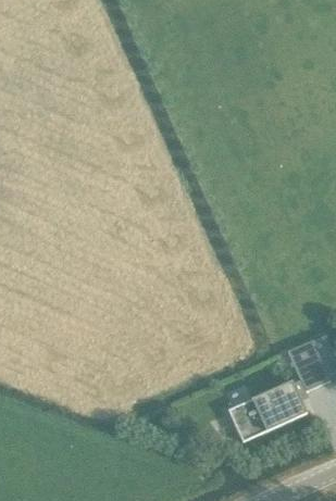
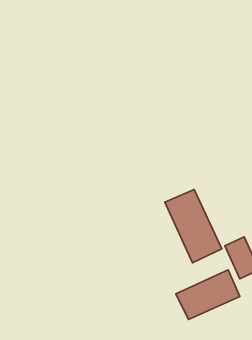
building: none -> [165,190,222,263]

